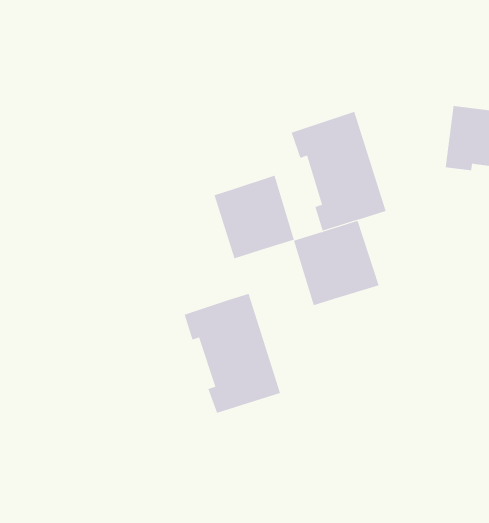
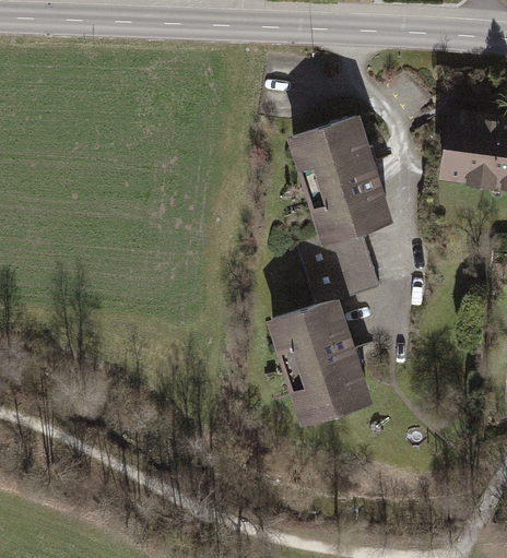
building: [214,175,295,259] -> none
building: [184,293,281,413] -> [274,302,368,419]

